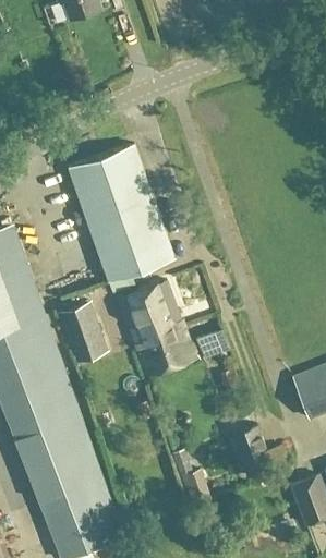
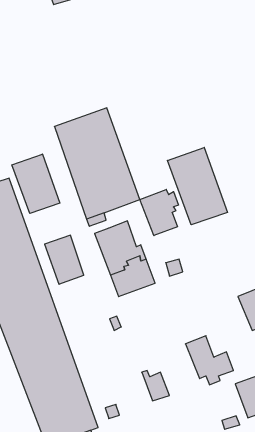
building: none -> [167,147,227,225]
building: none -> [12,154,60,213]
building: none -> [140,189,178,236]

